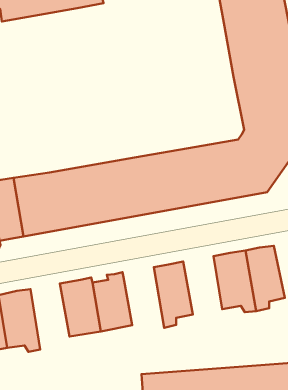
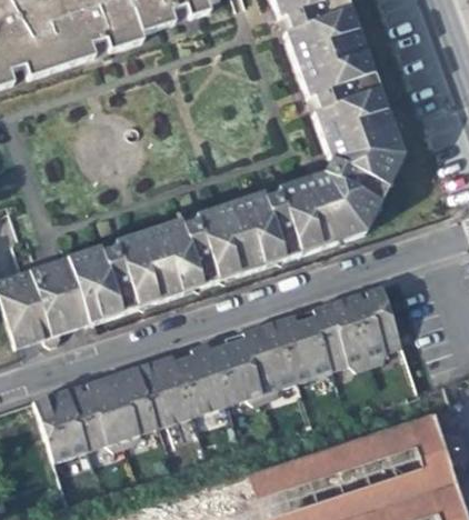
building: none -> [279,312,332,383]
building: none -> [212,334,268,407]
building: none -> [106,369,159,449]

